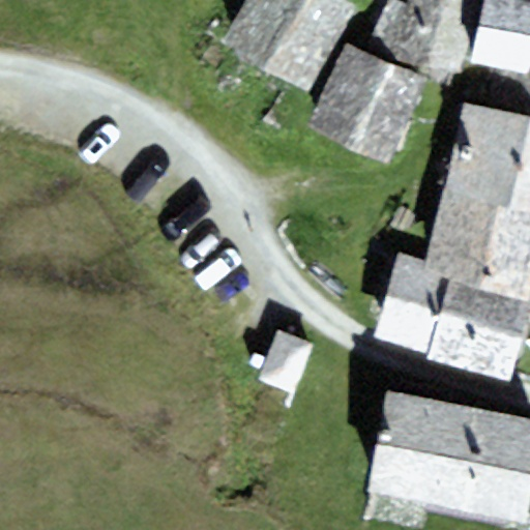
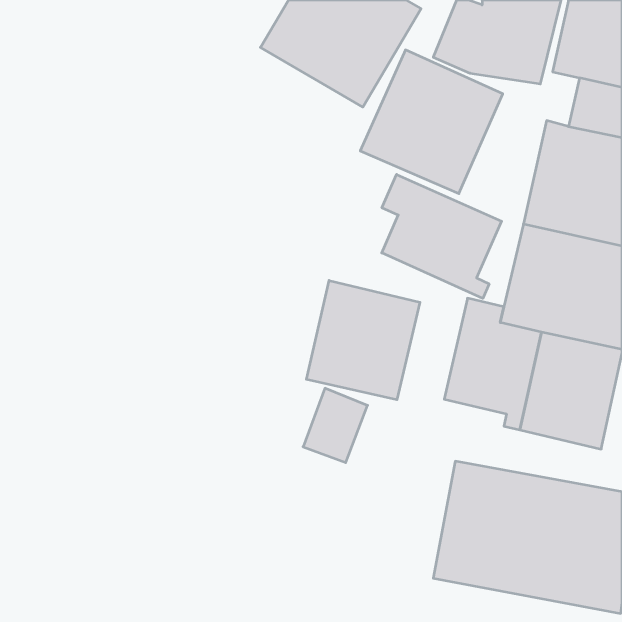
building: none -> [382,174,502,298]
building: none -> [306,280,420,400]

